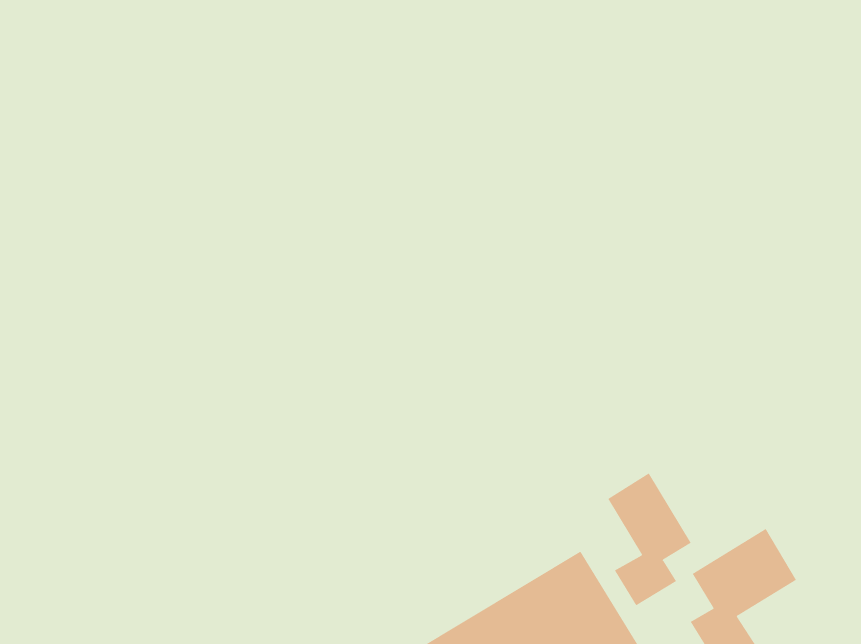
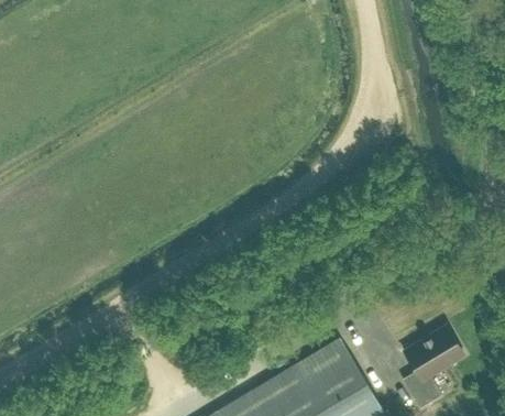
building: [608,473,691,606] -> none

